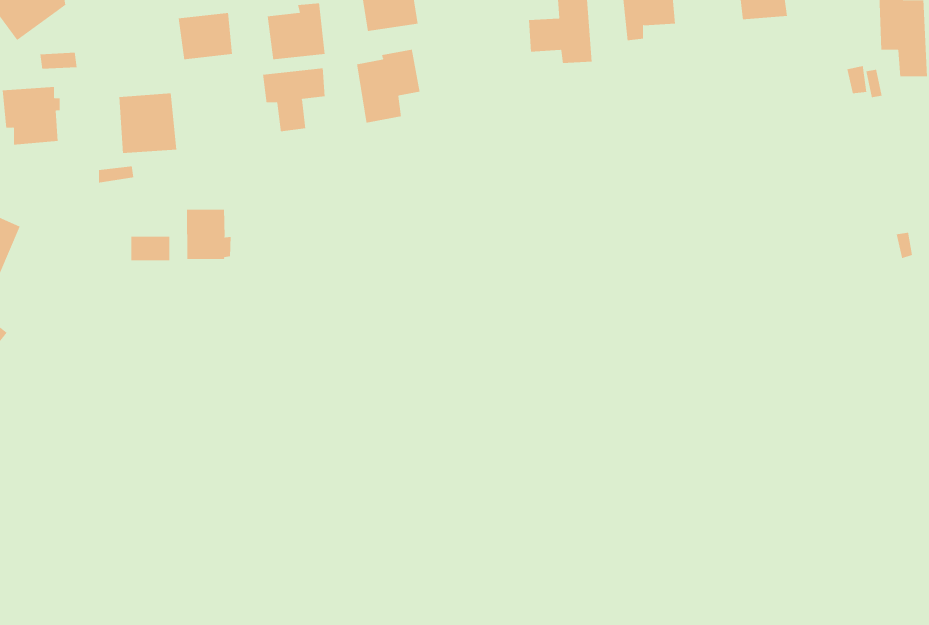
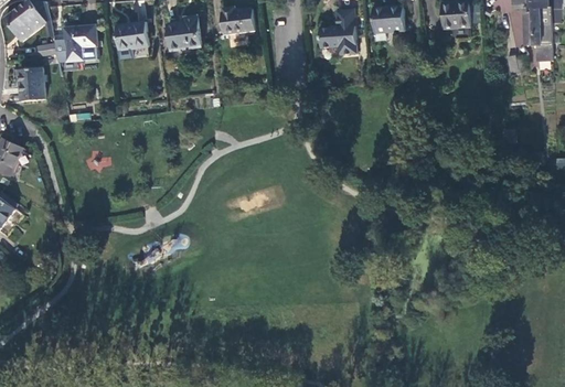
building: [357,49,420,123] -> none
building: [263,67,325,132] -> none
building: [118,93,177,154] -> [64,25,98,61]
building: [186,209,231,260] -> none

